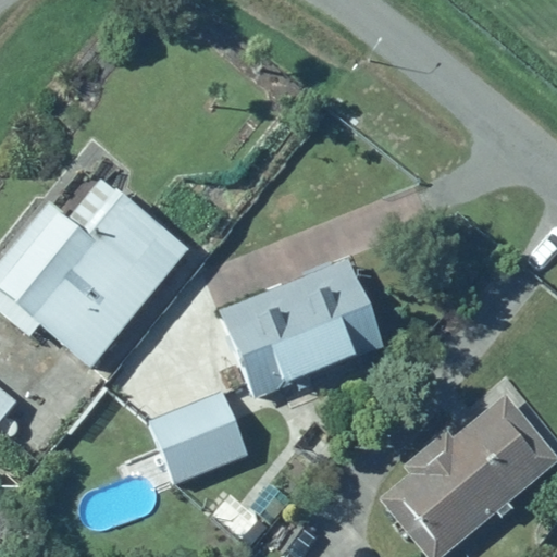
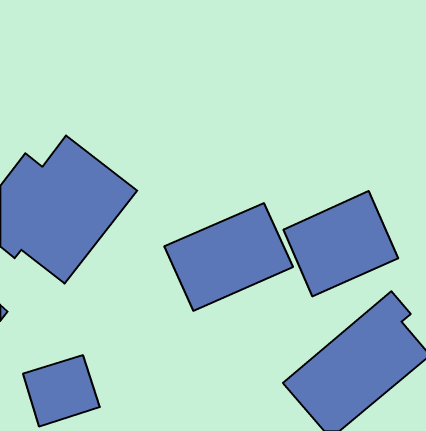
building: none -> [284,191,398,296]
building: [150,393,249,484] -> [23,355,100,426]

